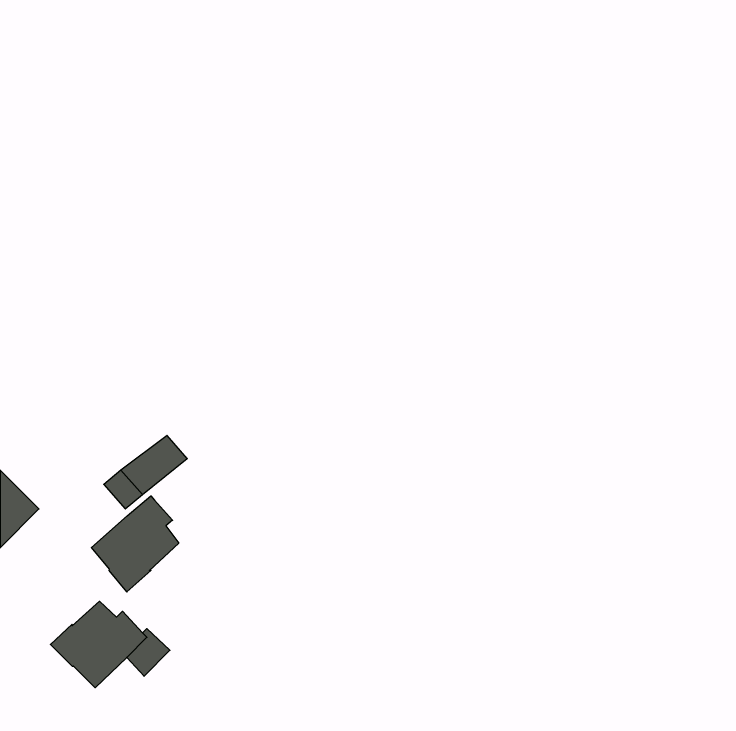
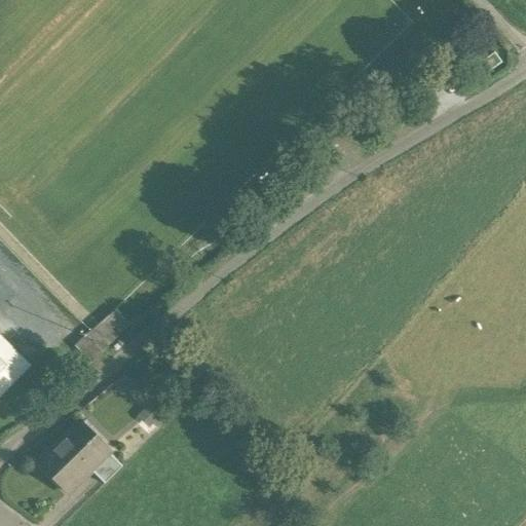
building: [91,496,179,592] -> none

